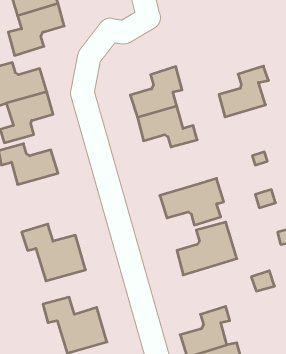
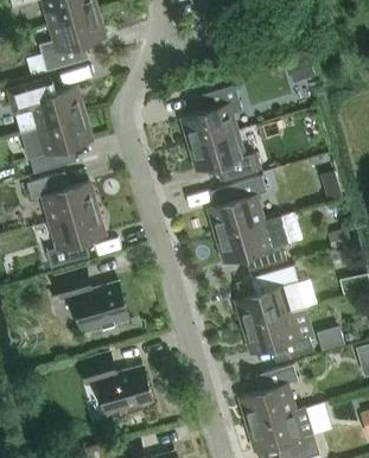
building: [219,66,269,117] -> [208,177,266,236]
building: none -> [45,210,103,268]
building: none -> [242,314,312,361]

